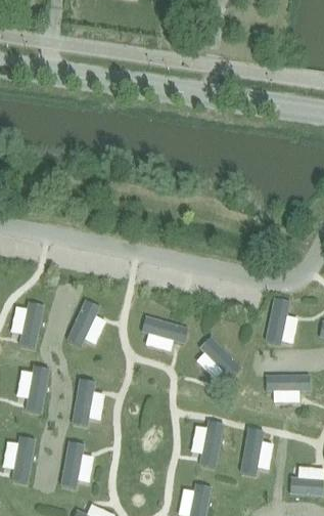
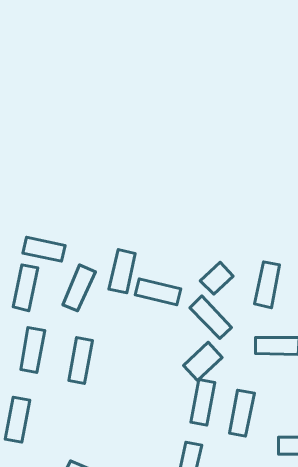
building: none -> [23,237,65,261]
building: none -> [109,250,135,293]
building: none -> [200,262,233,294]
building: none -> [184,342,222,381]
building: [61,444,87,491] -> none

